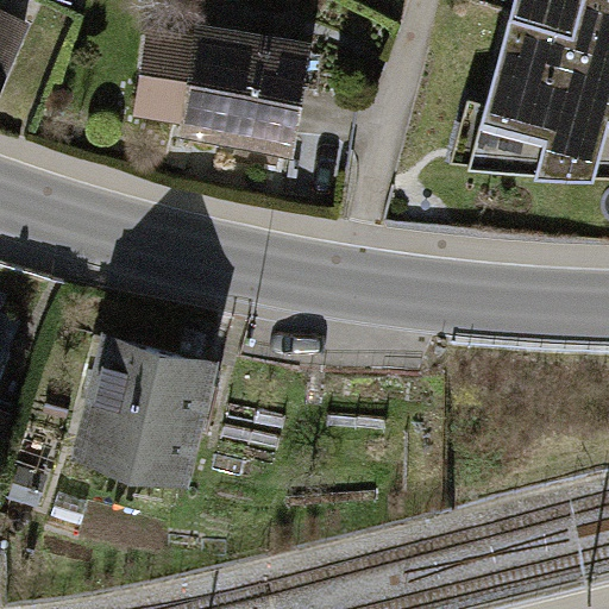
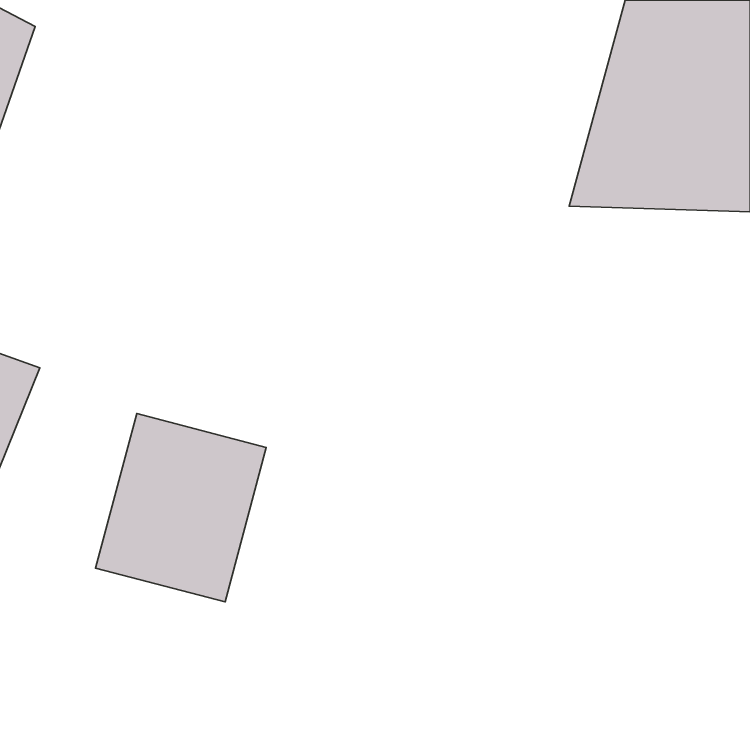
building: [137,21,309,156] -> none

